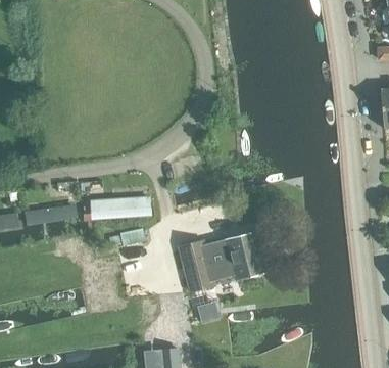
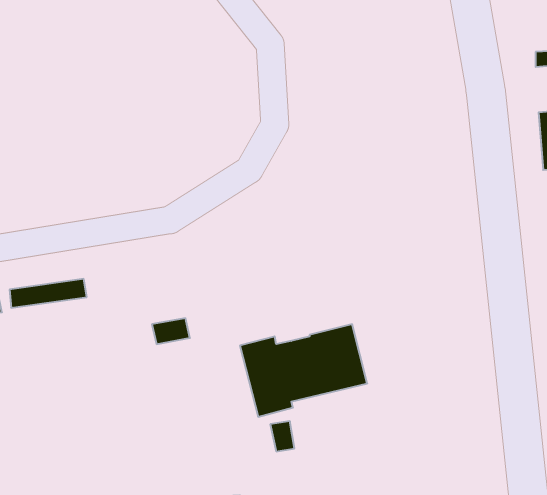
building: [91,195,151,221] -> none

